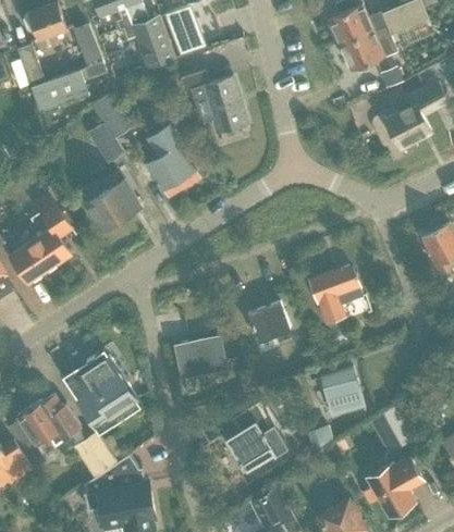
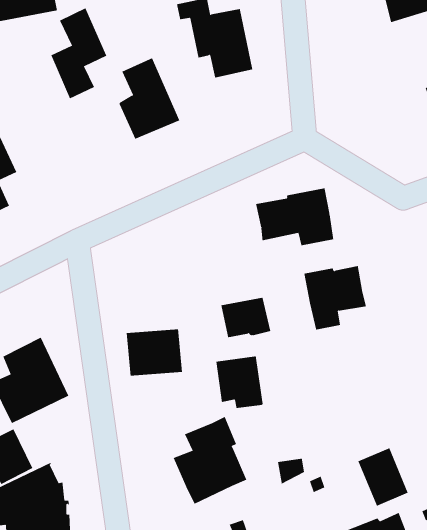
building: [77,181,139,231] -> none
building: none -> [256,188,334,246]
building: [320,368,364,411] -> [216,356,264,411]

